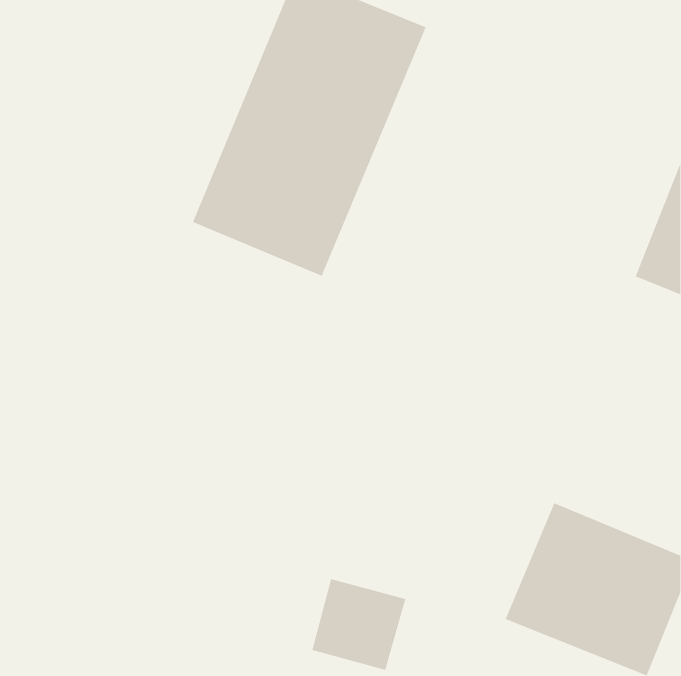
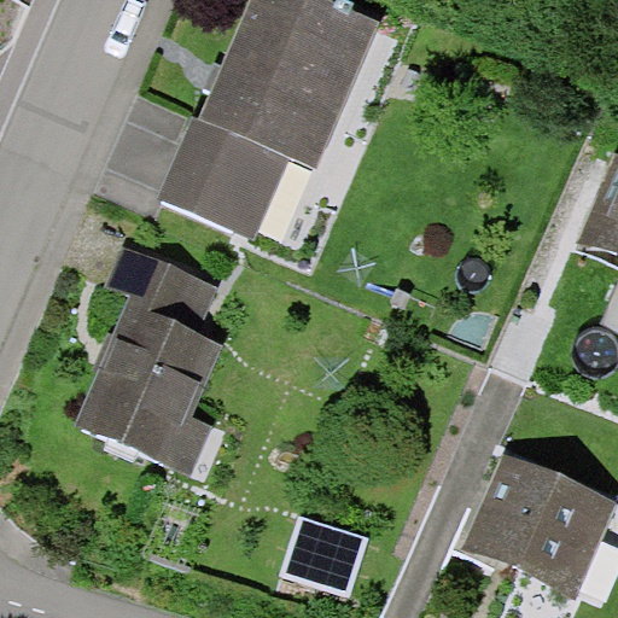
building: none -> [75,243,218,468]

